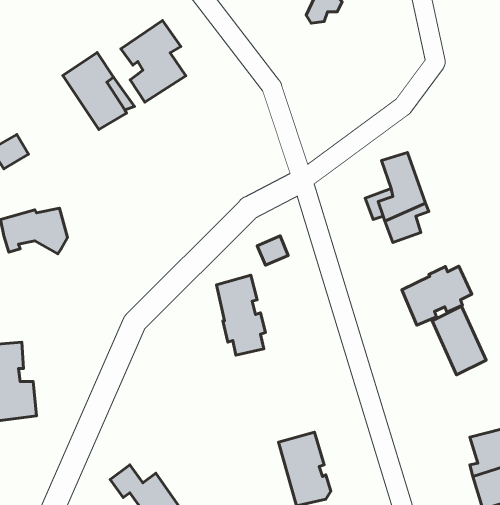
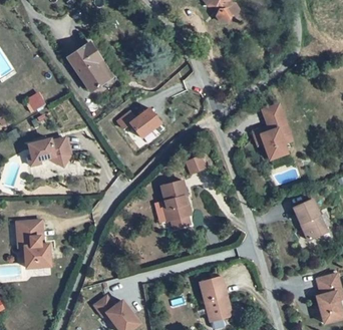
building: [121,20,186,102] -> none
building: none -> [114,105,160,139]
building: [402,266,472,325] -> none

